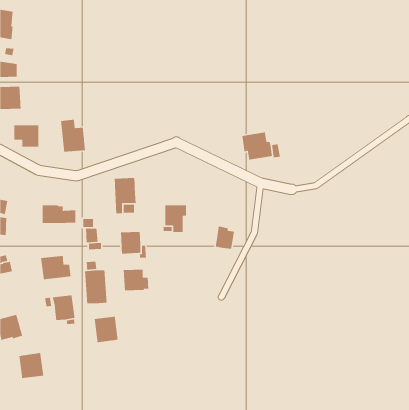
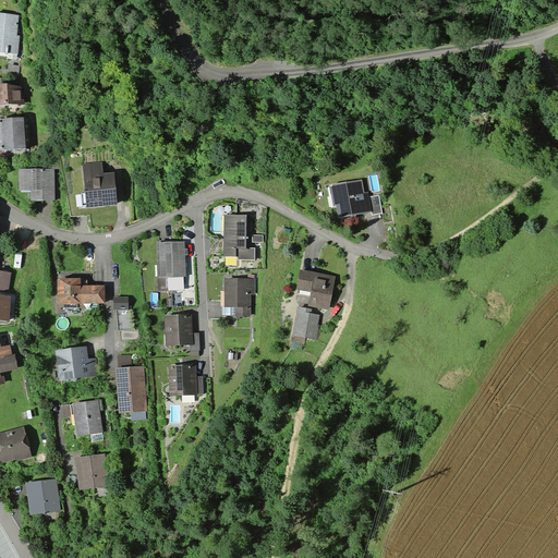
building: none -> [222,215,254,259]
building: none -> [295,269,335,310]
building: [94,316,119,343] -> [74,453,108,490]

